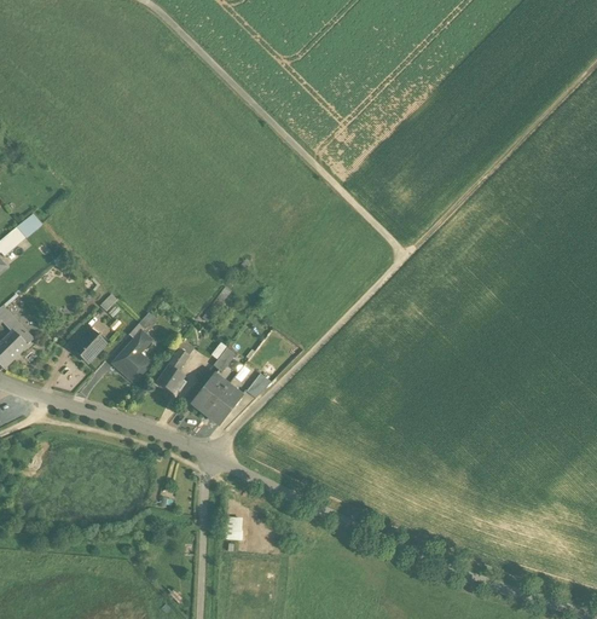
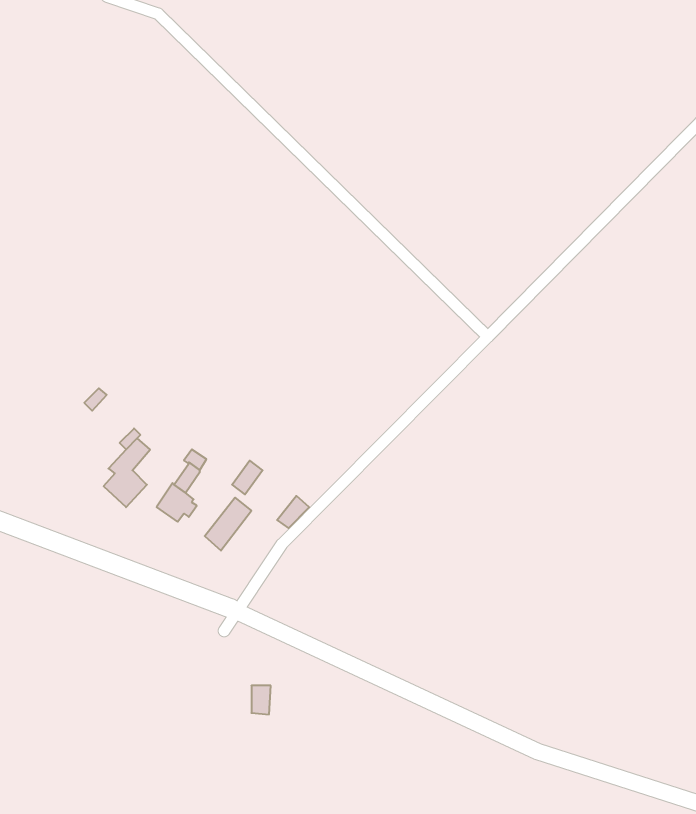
building: [71,328,106,363] -> none
building: [204,384,242,424] -> none

